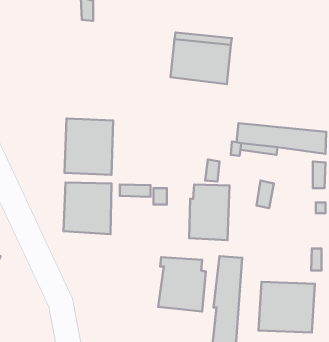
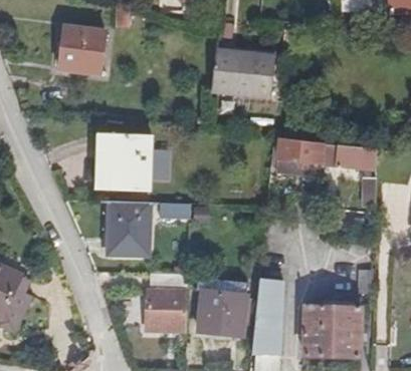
building: none -> [59,26,106,77]
building: [189,185,229,240] -> [146,274,188,332]

